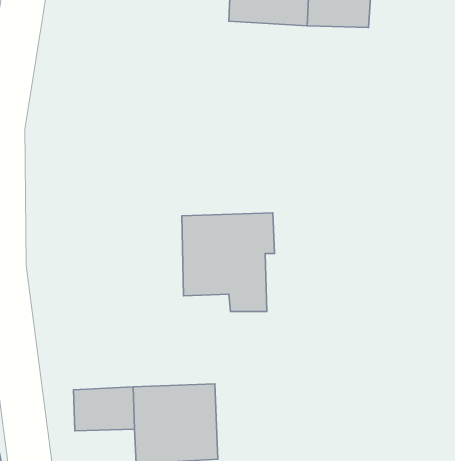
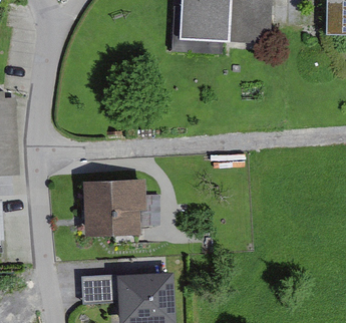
building: [182,213,275,312] -> [83,180,142,243]

